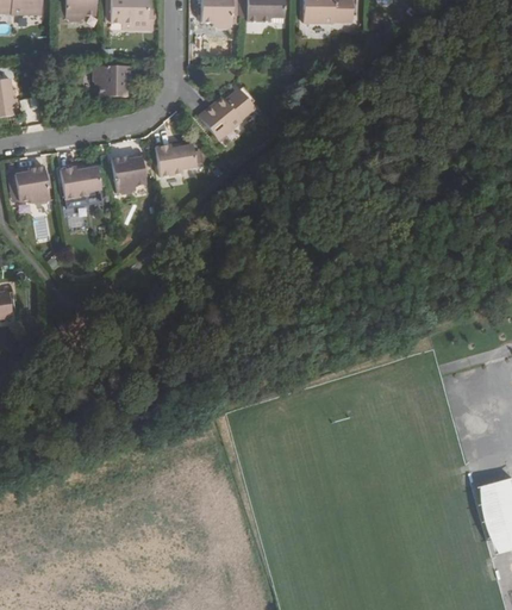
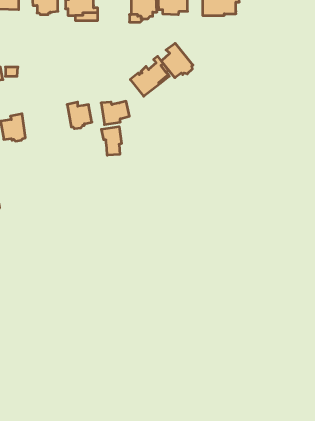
building: none -> [161,43,193,78]
building: [94,66,132,97] -> none
building: [61,167,100,200] -> none
building: none -> [101,127,122,155]

